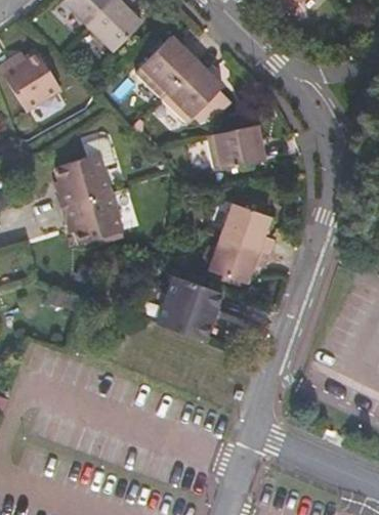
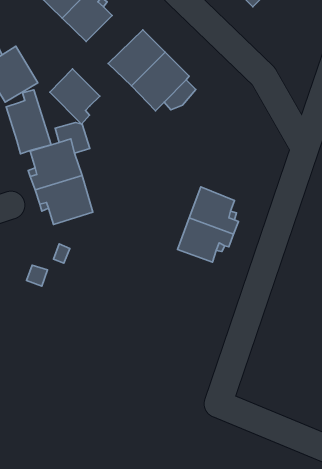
building: none -> [50,69,100,124]
building: none -> [6,90,51,154]
building: [204,125,262,170] -> none
building: [157,276,221,342] -> none

